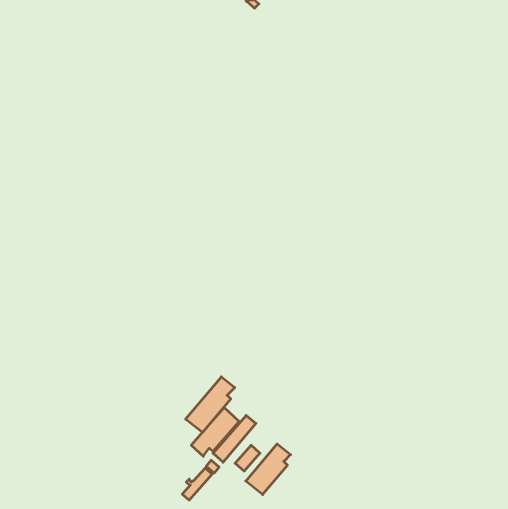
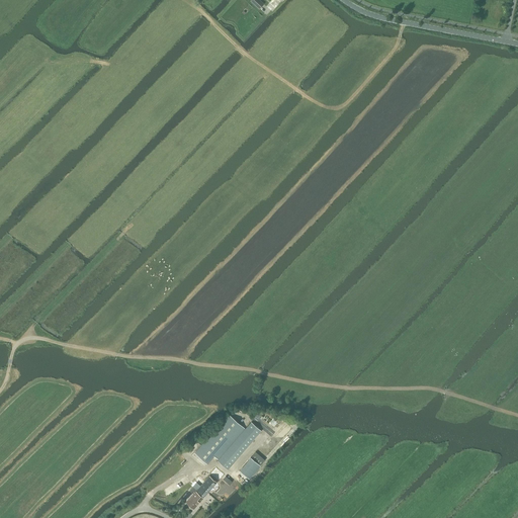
building: [186,377,235,432] -> none
building: [246,444,291,495] -> none

